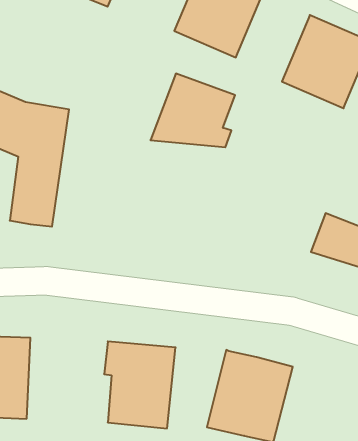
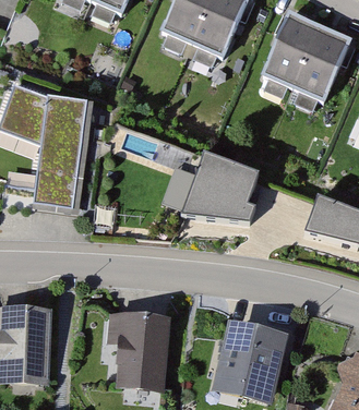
building: [150,74,235,147] -> [176,154,252,220]

